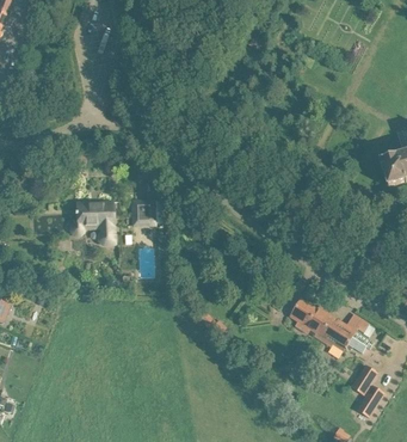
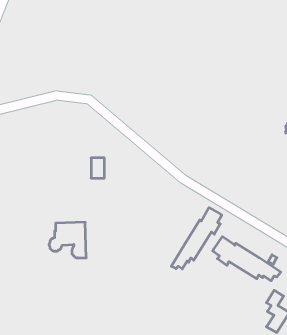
building: [68,201,115,245] -> [49,222,86,258]
building: none -> [171,208,222,269]

